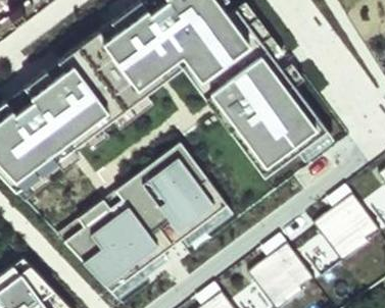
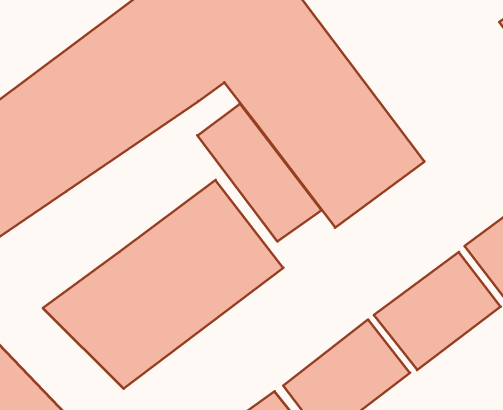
building: none -> [197,104,321,241]

